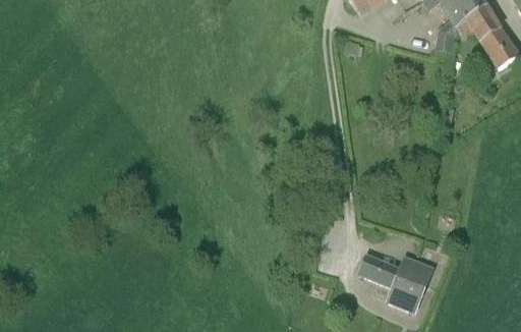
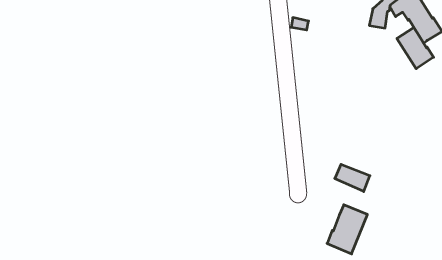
building: none -> [397,28,434,69]
building: [359,255,400,286] -> [335,164,370,192]

